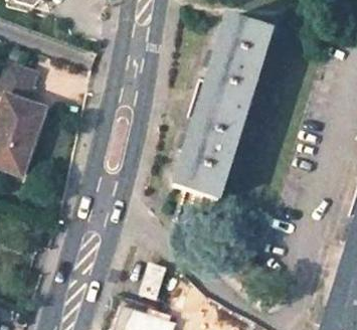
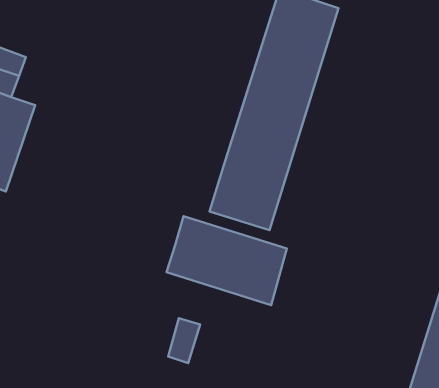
building: none -> [167,216,287,305]

